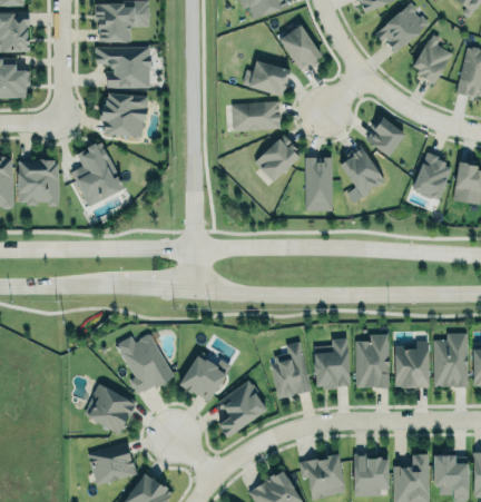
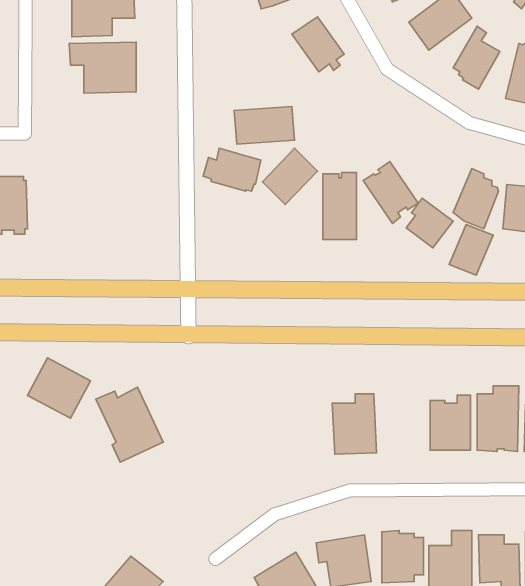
building: [243,60,291,96] -> [203,148,261,191]
building: [100,92,149,138] -> none
building: [365,114,404,155] -> [406,198,453,248]
building: [71,144,126,208] -> none
building: none -> [449,225,493,275]
building: [355,333,389,386] -> none
building: [271,339,311,396] -> none
building: [178,353,227,402] -> none
building: [218,381,268,437] -> none
building: [82,382,135,432] -> [27,358,91,418]
building: [87,441,136,484] -> none

